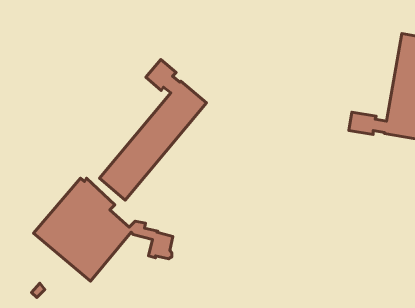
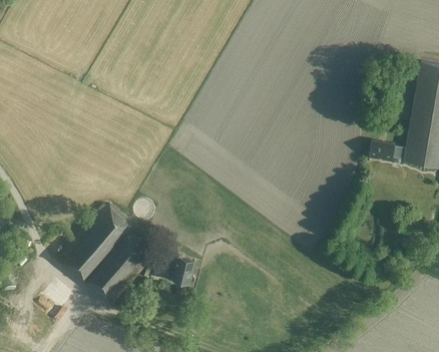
building: [99,59,207,200] -> none

